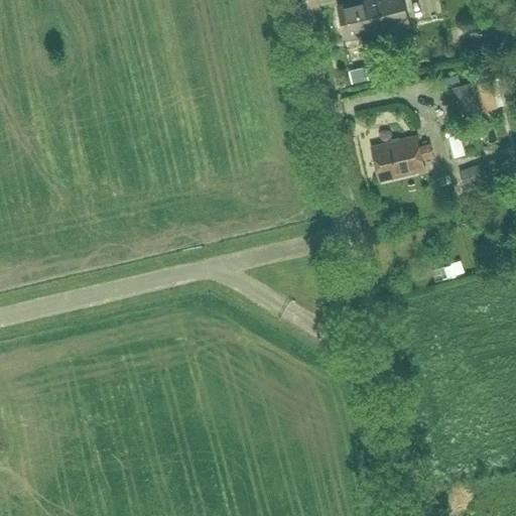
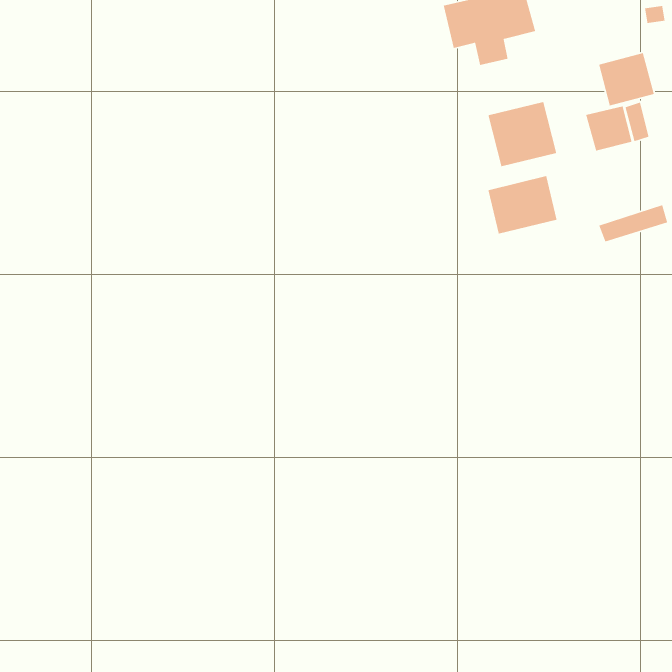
building: none -> [598,52,655,106]
building: none -> [488,101,557,167]

